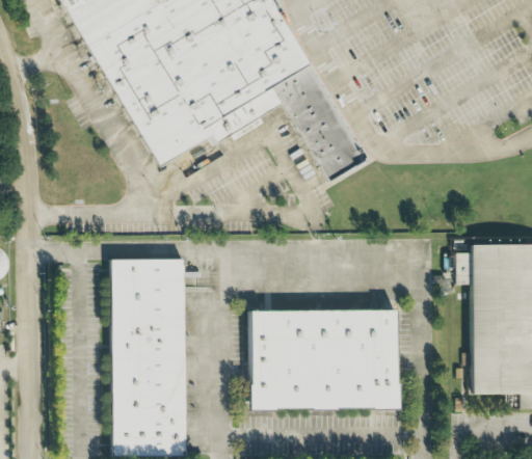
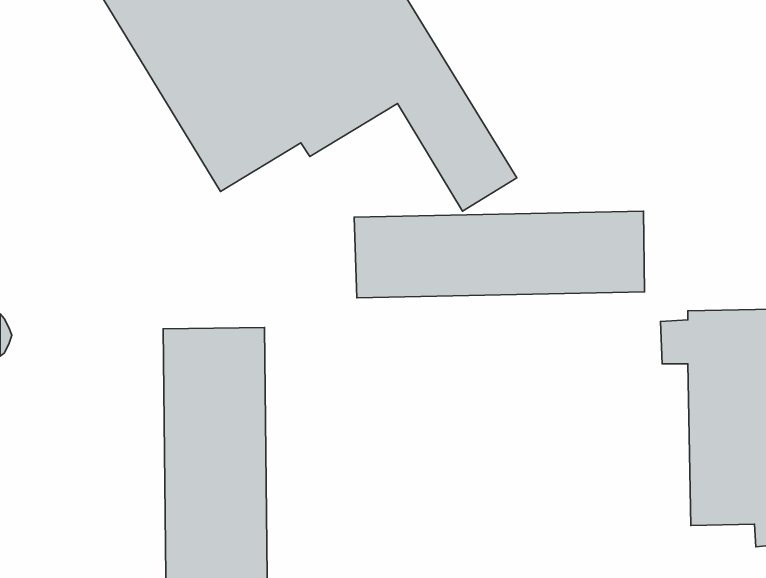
building: none -> [354,211,645,298]
building: [254,308,402,409] -> none

